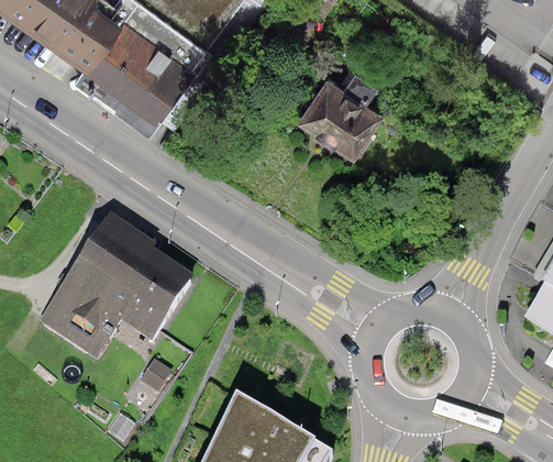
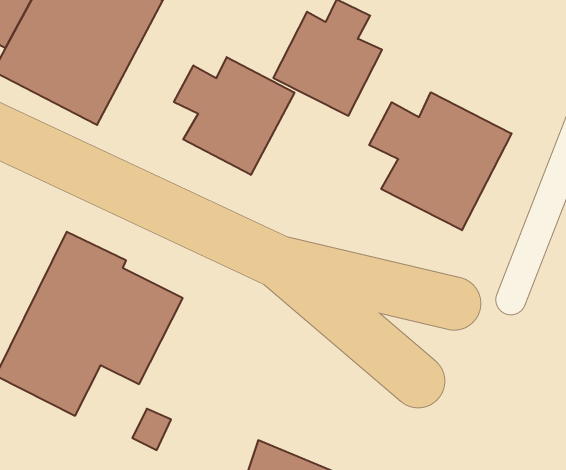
building: none -> [174,57,294,175]
building: none -> [369,92,512,230]

